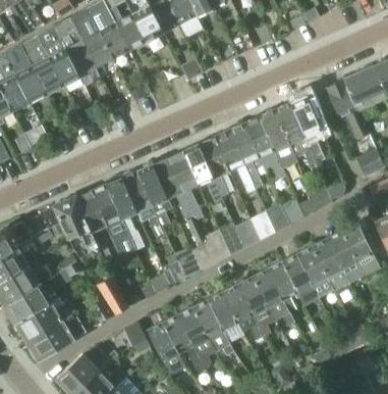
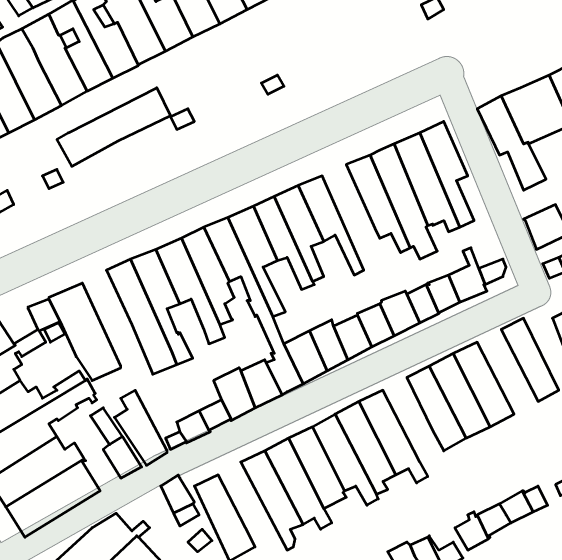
building: none -> [57,88,171,166]
building: [227,122,262,190] -> none
building: [74,190,112,261] -> none
building: [326,228,365,282] -> none
building: [266,258,297,312] -> none
building: [161,312,205,371] -> none

